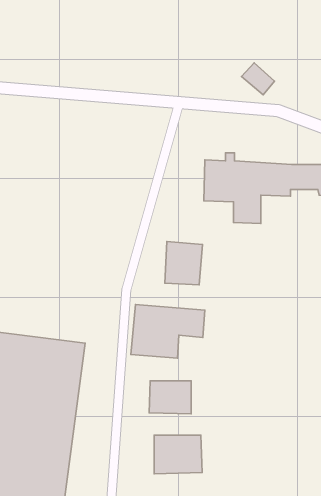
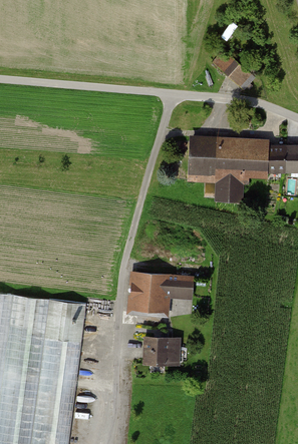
building: [165,242,202,285] -> none
building: [154,435,202,474] -> none

